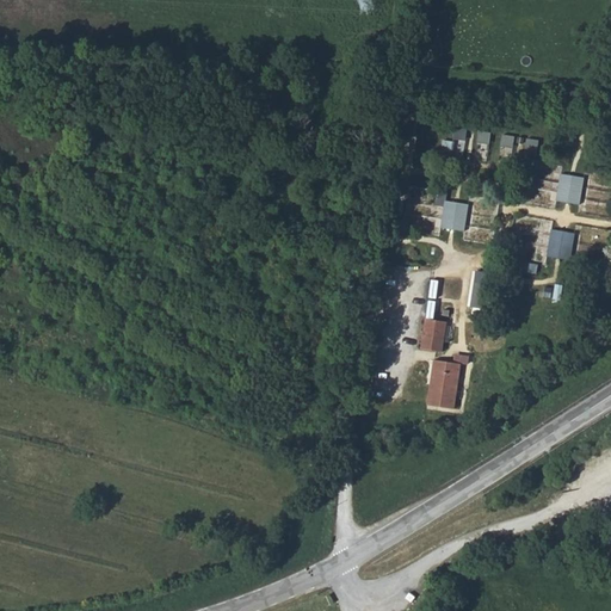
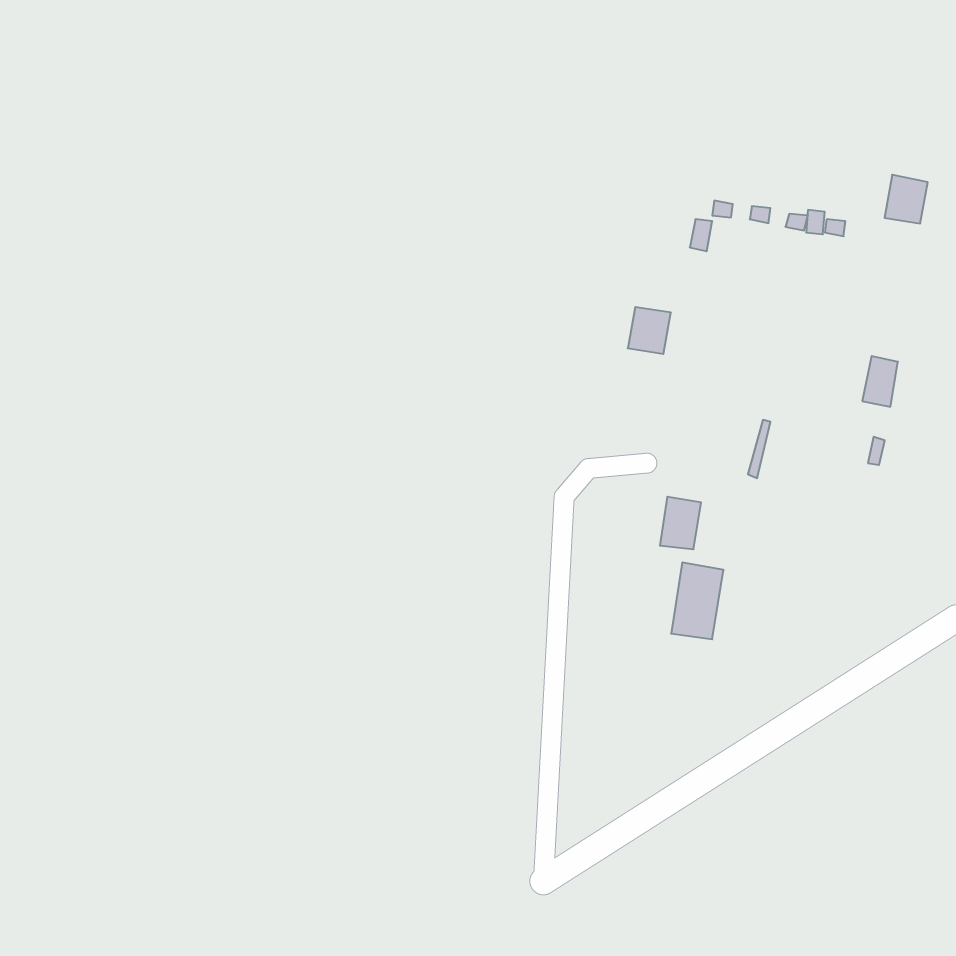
building: [556,173,584,204] -> [885,175,928,223]
building: [440,200,468,230] -> [628,307,671,354]

